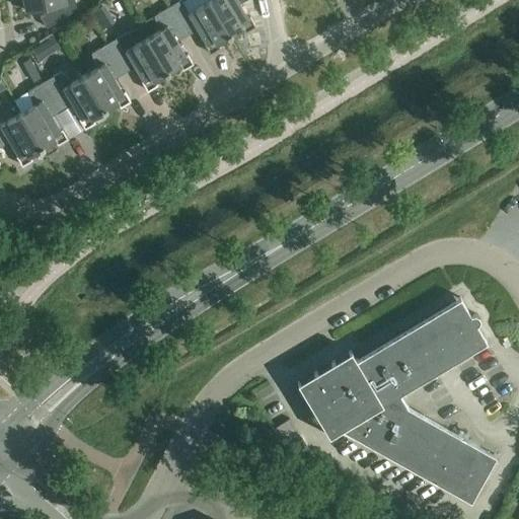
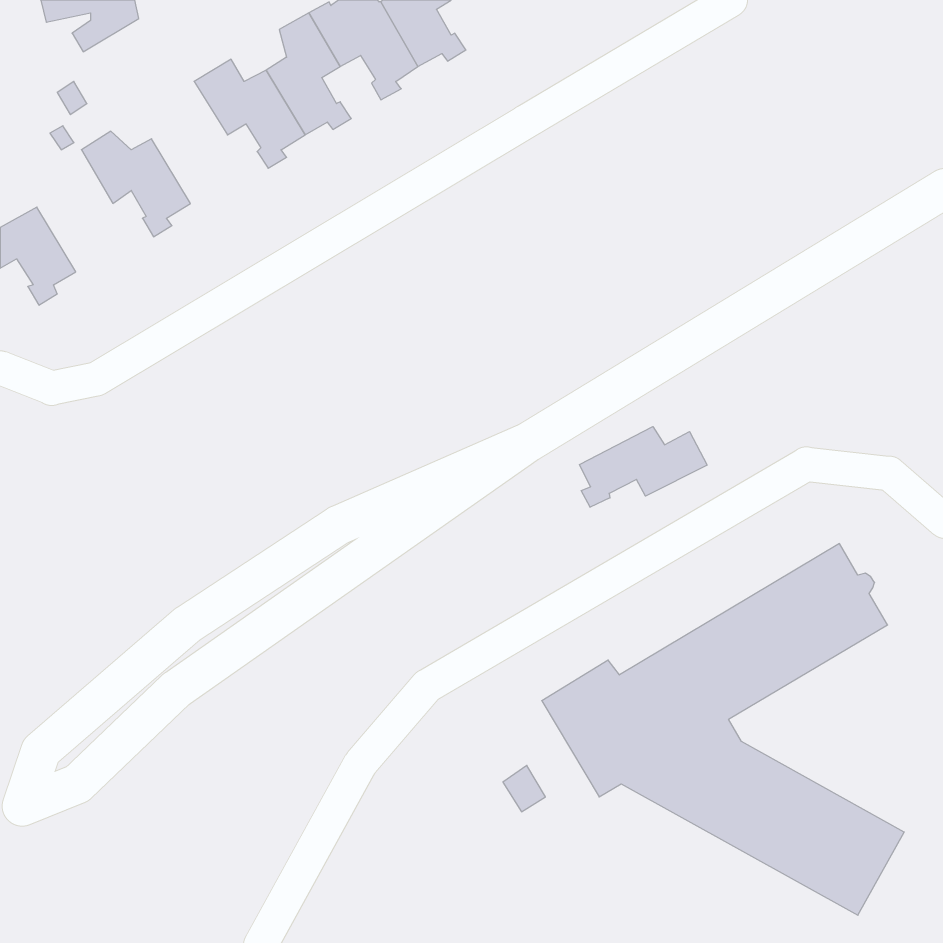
building: [84,46,131,113] -> none
building: [21,83,69,150] -> none
building: none -> [579,427,707,507]

